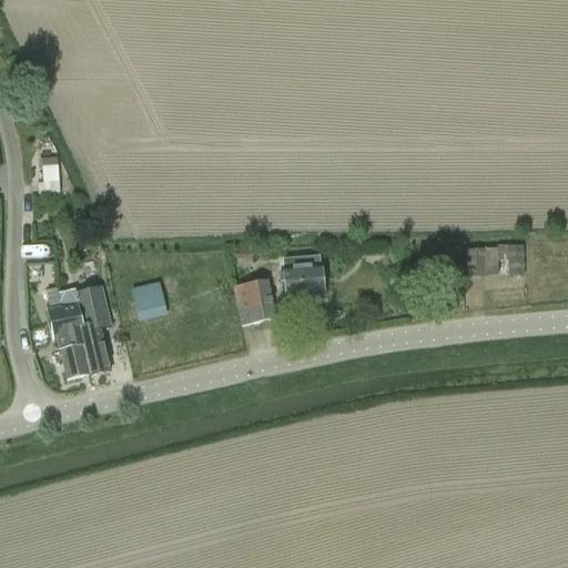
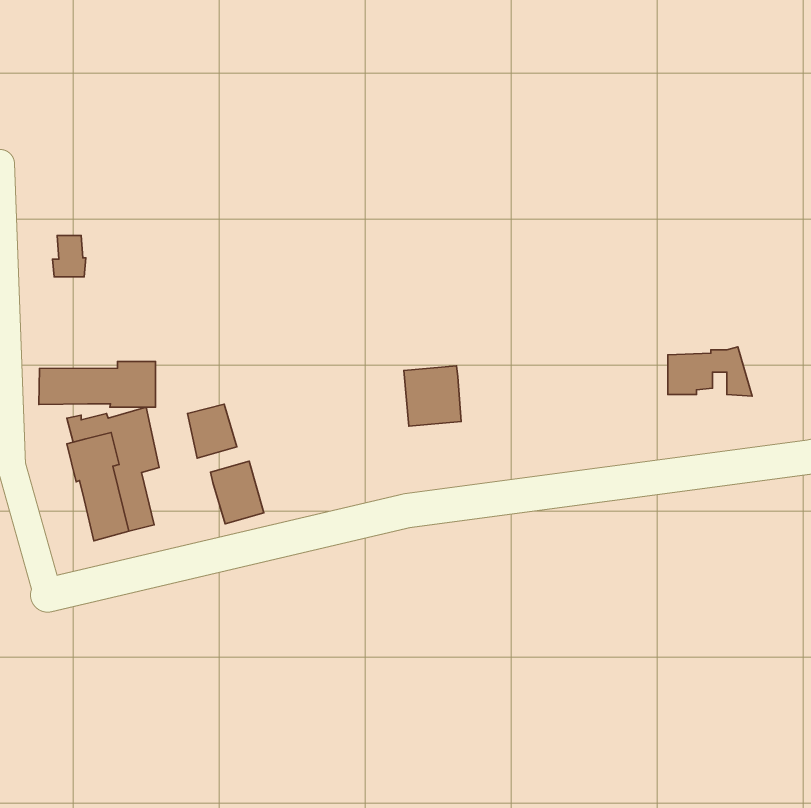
building: none -> [39,362,155,407]
building: [234,277,275,324] -> none
building: none -> [210,461,264,524]

